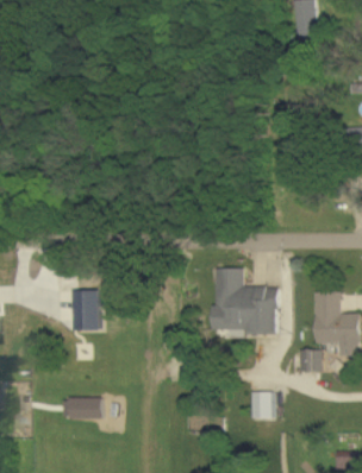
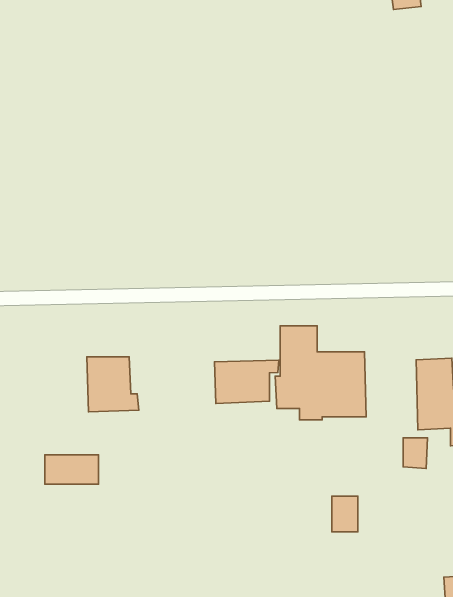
building: none -> [214,360,279,404]
building: [63,397,102,418] -> [45,455,98,484]

